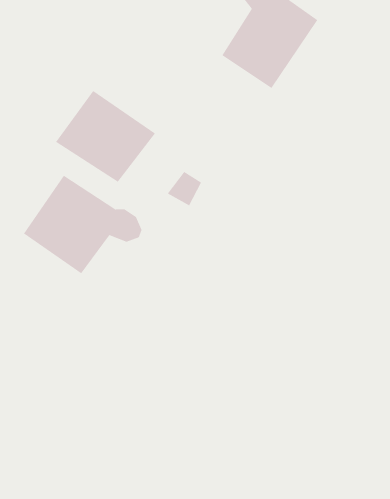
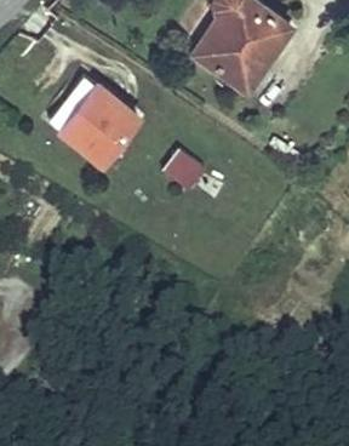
building: [23,175,142,274] -> none

